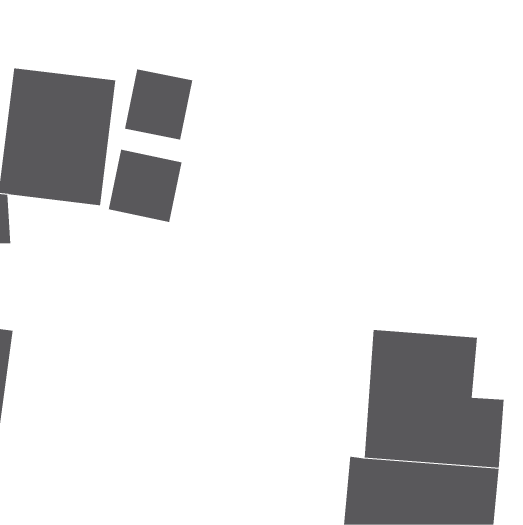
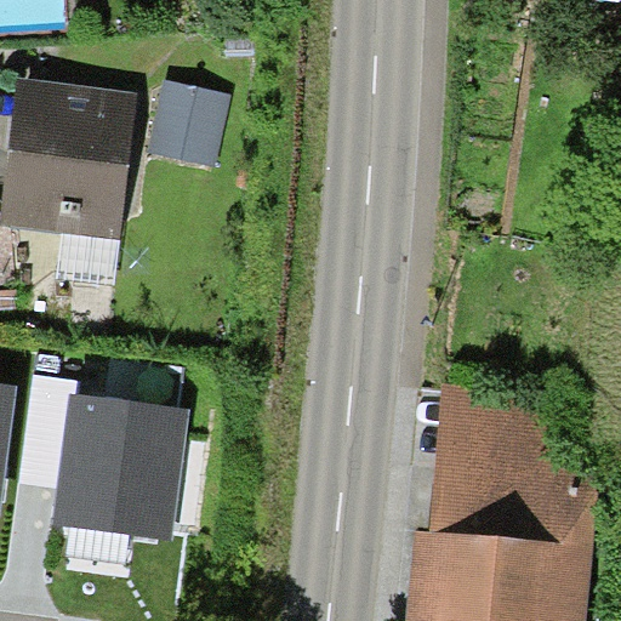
building: [108,149,182,223] -> none
building: none -> [51,397,188,546]

